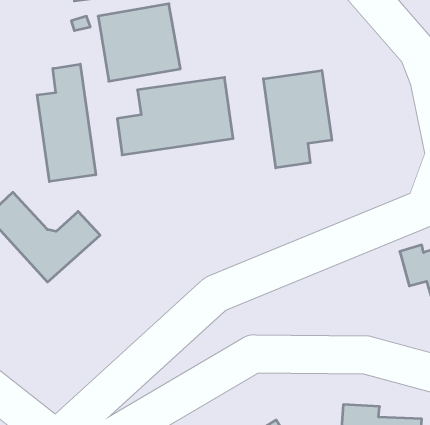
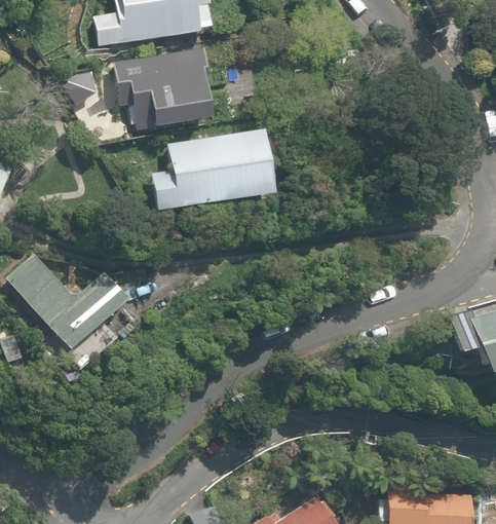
building: [37,64,96,182] -> none
building: [263,70,332,168] -> none

